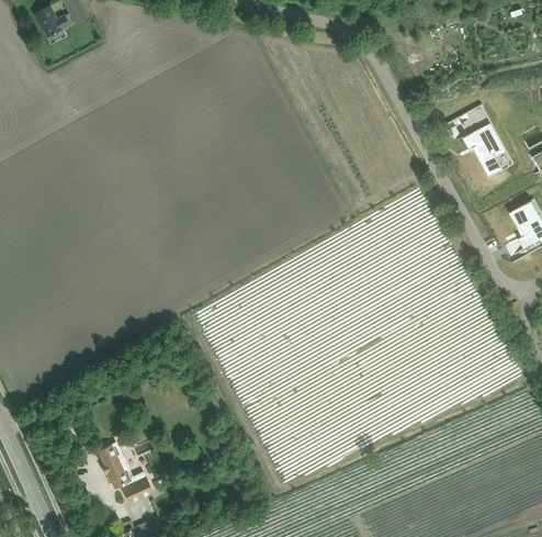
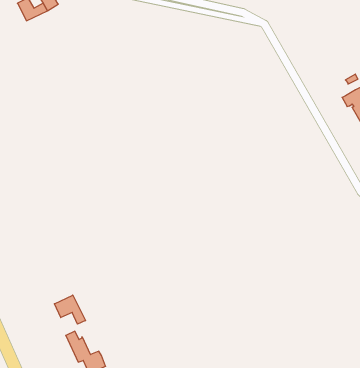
building: none -> [54,295,86,324]

